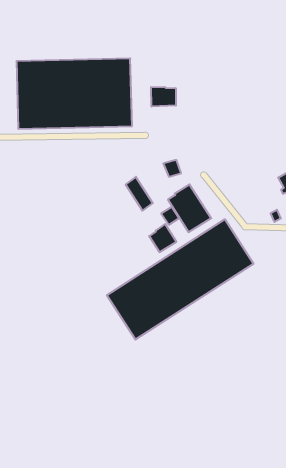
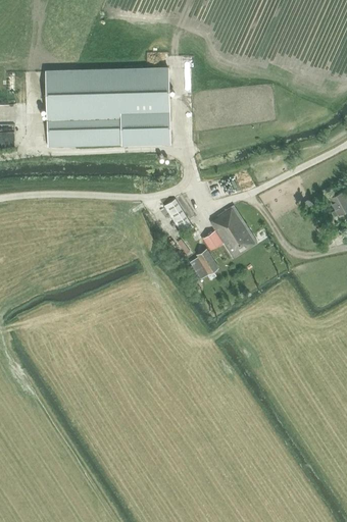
building: [151,87,176,107] -> none
building: [107,219,253,340] -> none

